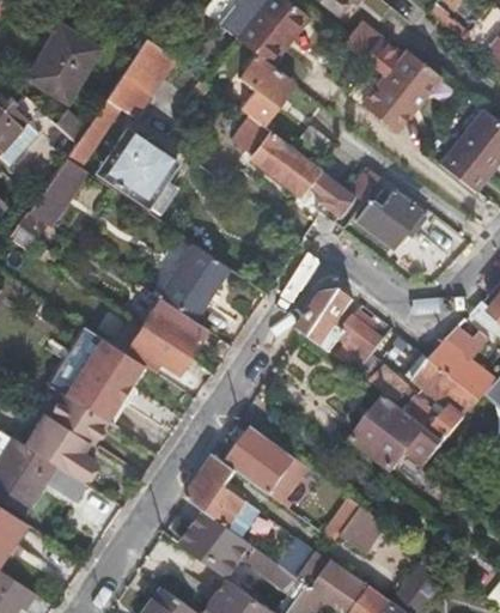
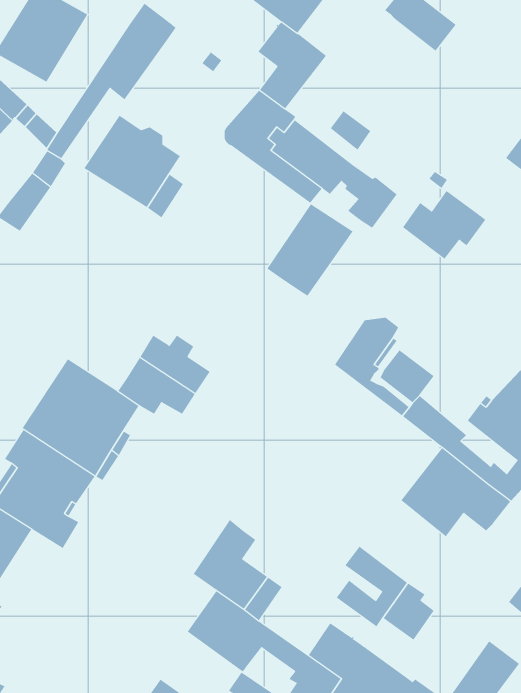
building: [361,48,441,131] -> none
building: [158,243,228,318] -> [266,204,353,296]
building: [228,429,297,500] -> none

